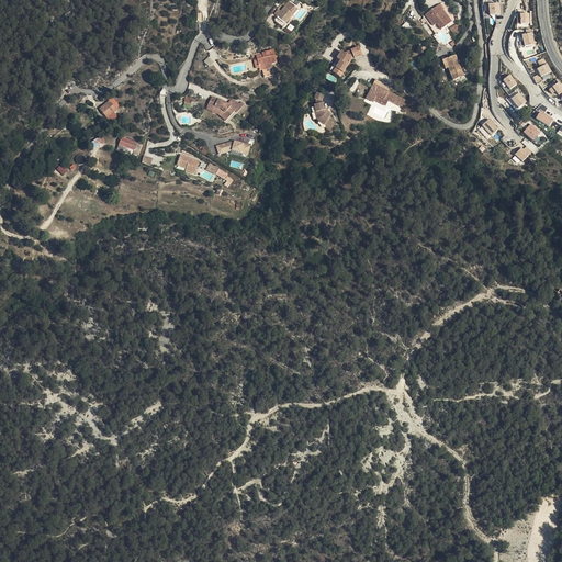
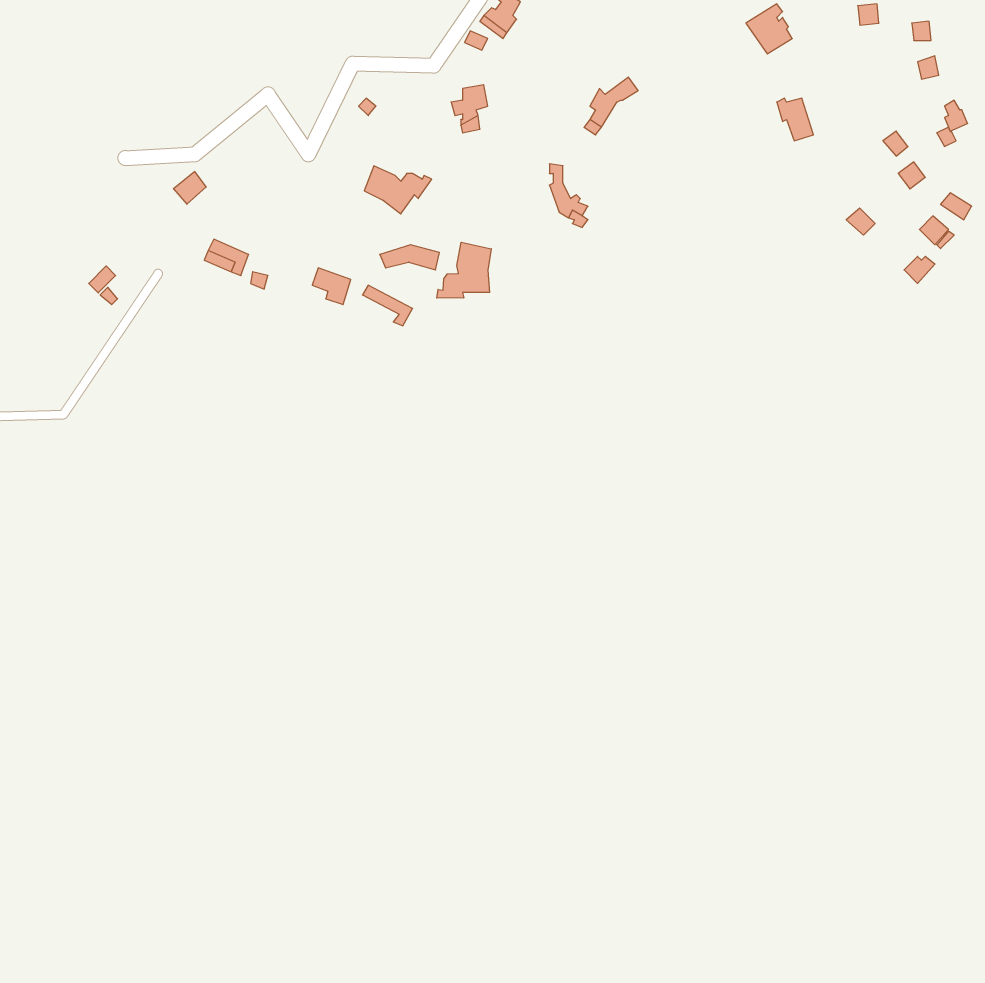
building: [366,78,405,105] -> none
building: none -> [437,242,491,298]

